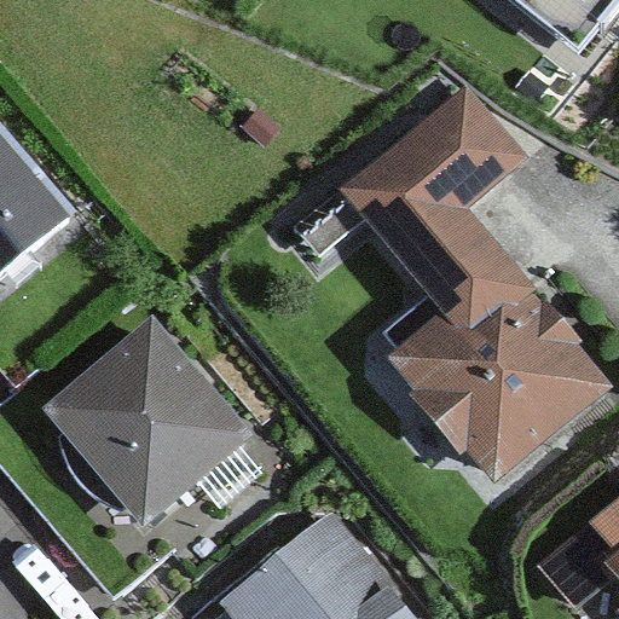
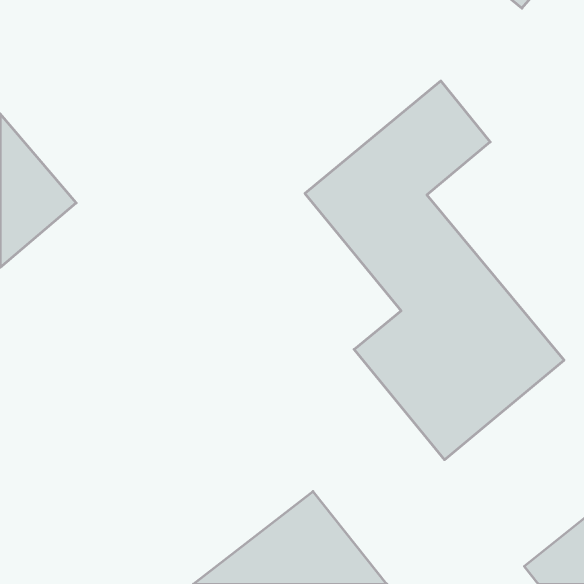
building: [37,319,251,532] -> none

